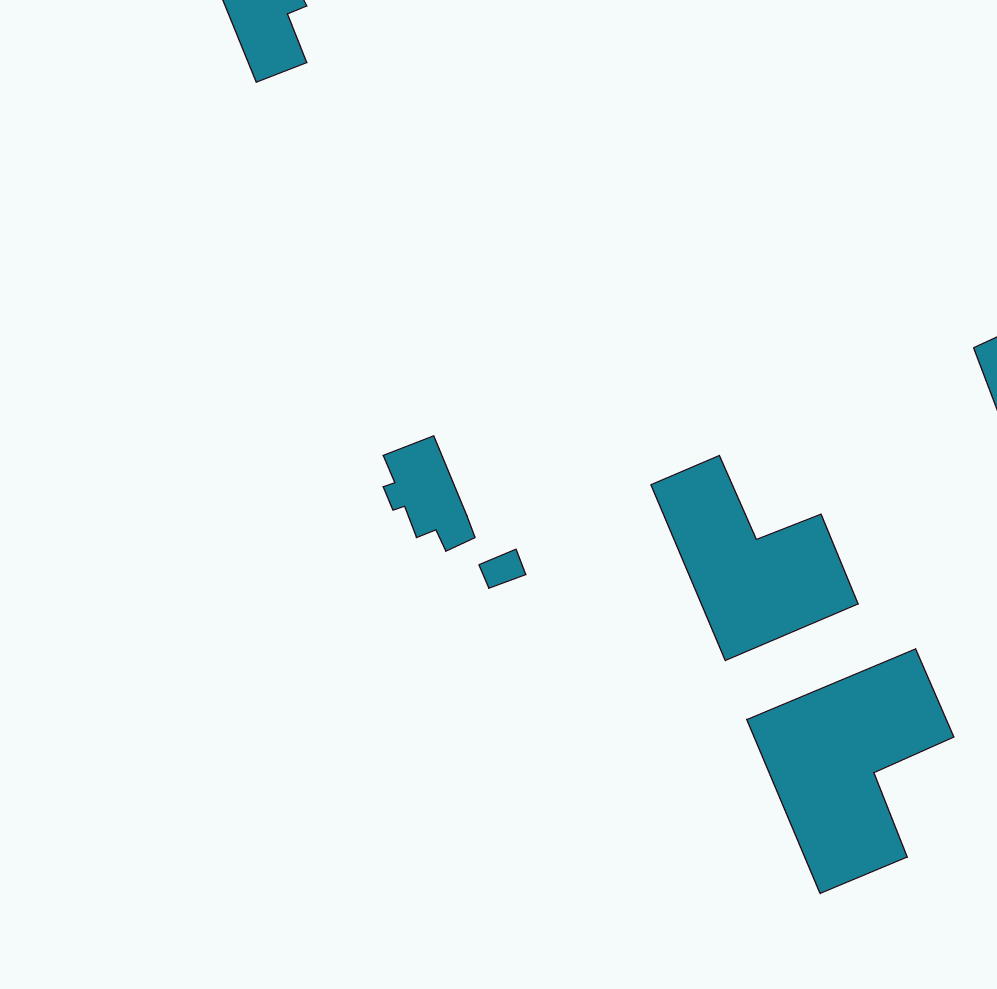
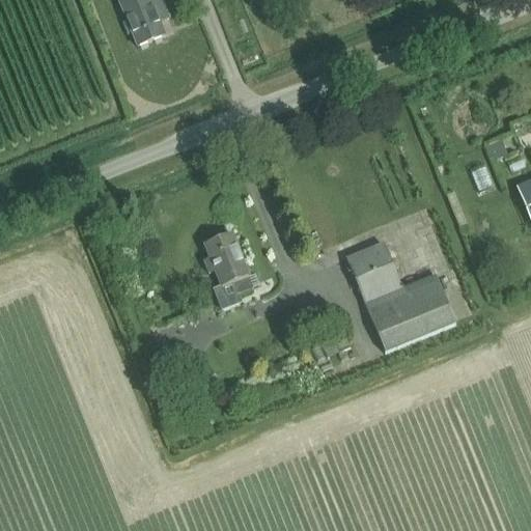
building: [747,649,954,894] -> none

